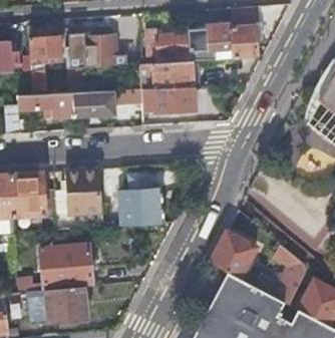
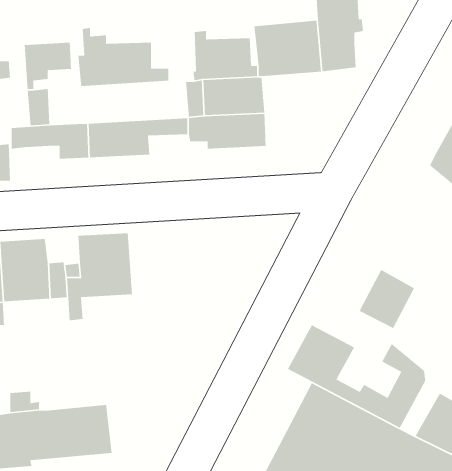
building: [120,175,164,225] -> none
building: none -> [359,269,415,329]
building: [41,243,92,291] -> none

